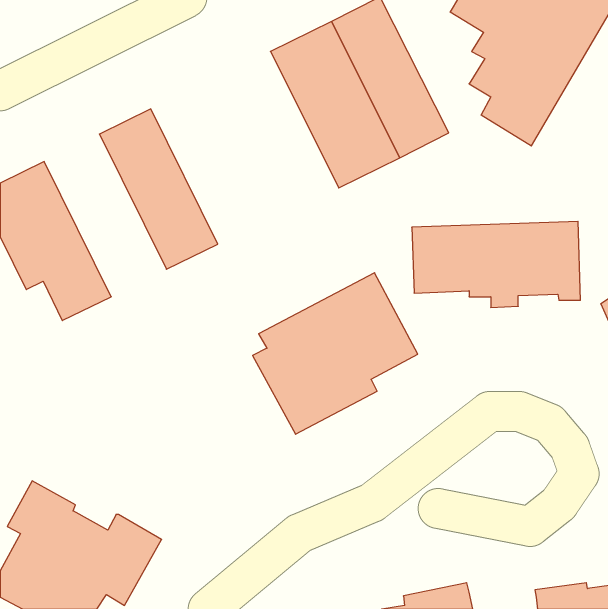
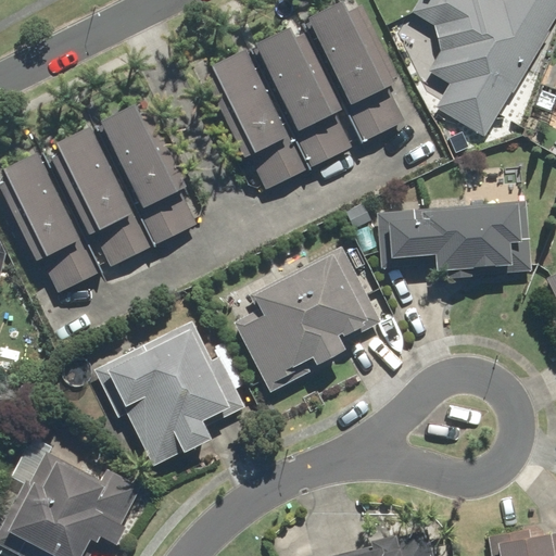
building: none -> [200,47,311,192]
building: none -> [43,122,154,269]
building: none -> [96,319,226,471]

